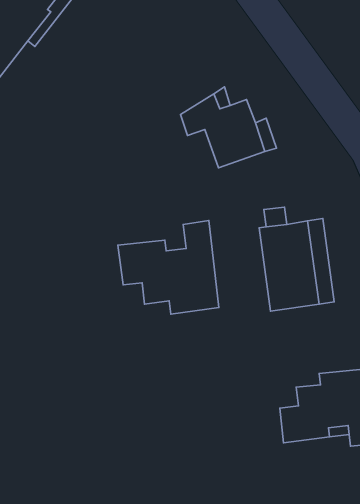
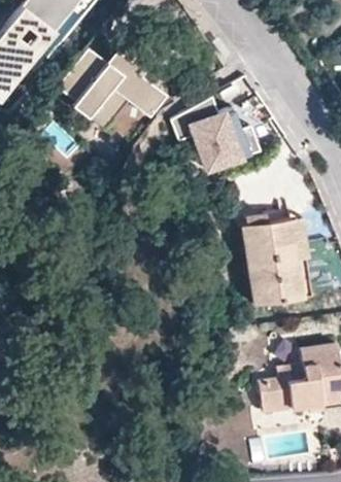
building: none -> [55,44,162,126]
building: [118,221,219,314] -> none

